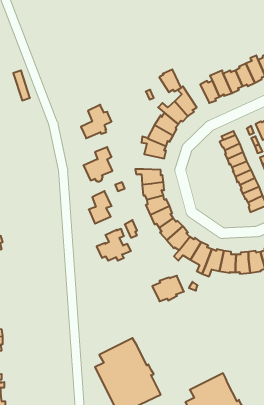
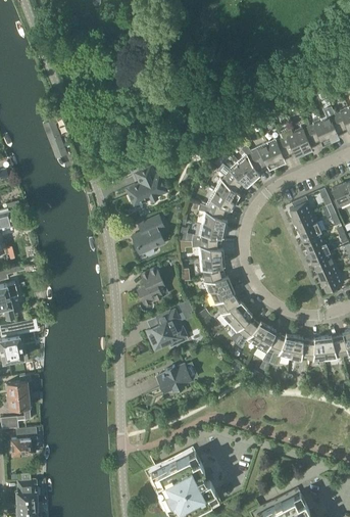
building: [159,69,181,92] -> [251,143,277,170]
building: none -> [191,224,224,242]
building: [152,276,184,301] -> [156,364,193,393]

